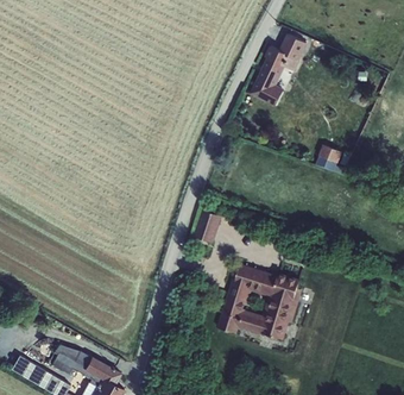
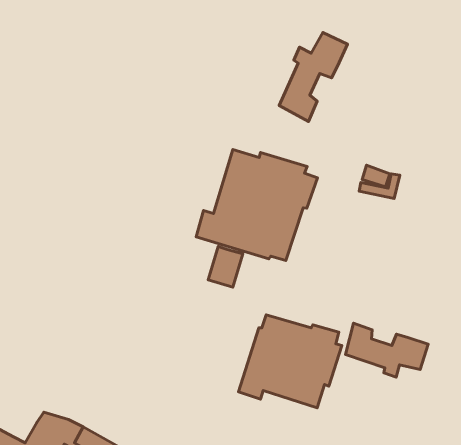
building: none -> [196,149,317,260]
building: none -> [346,323,428,377]

